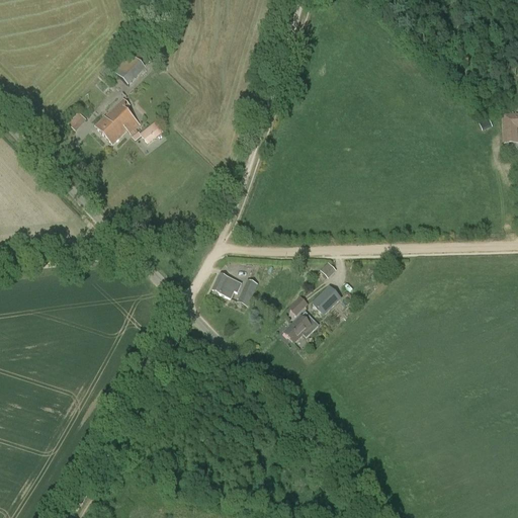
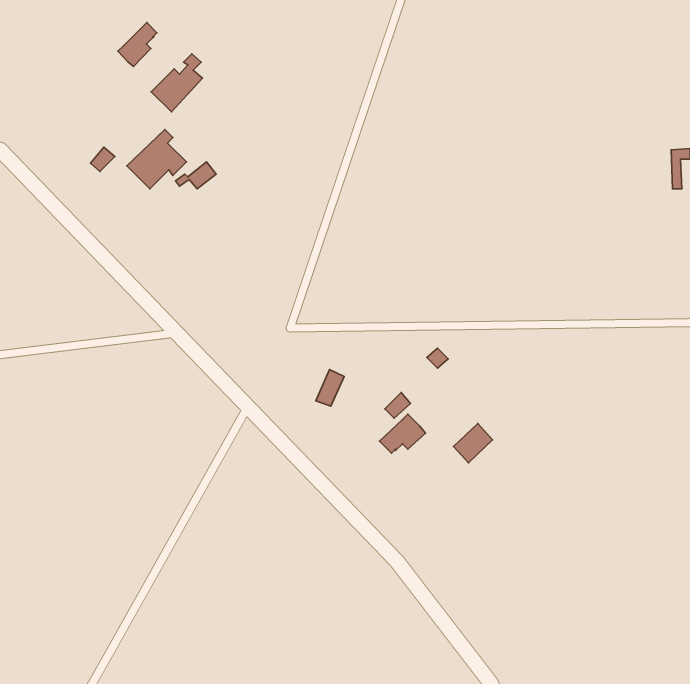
building: none -> [118,22,157,66]
building: [212,273,242,297] -> none
building: [312,284,341,314] -> [453,424,493,463]

